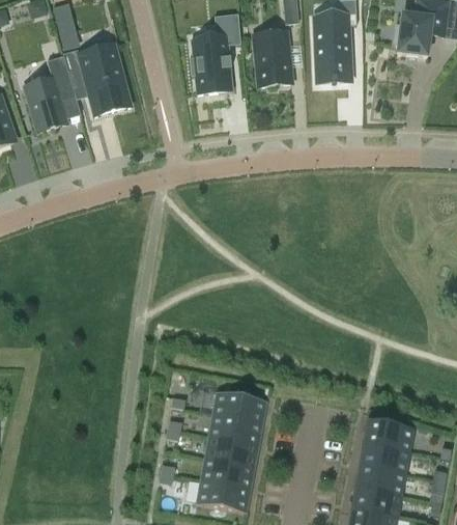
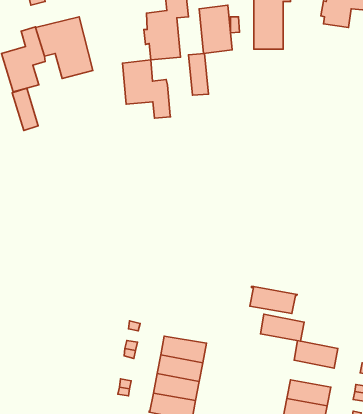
building: none -> [188,53,208,95]
building: none -> [122,60,170,118]
building: none -> [12,88,38,131]
building: [212,391,267,422] -> [250,287,297,313]
building: [359,442,409,473] -> [260,314,304,341]

